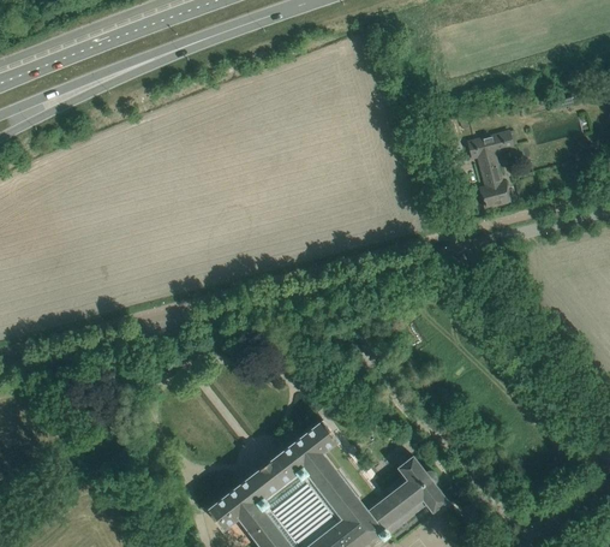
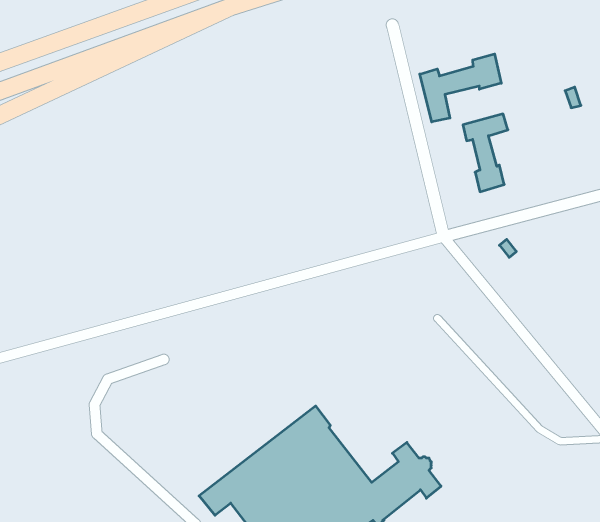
building: none -> [420,54,501,122]

